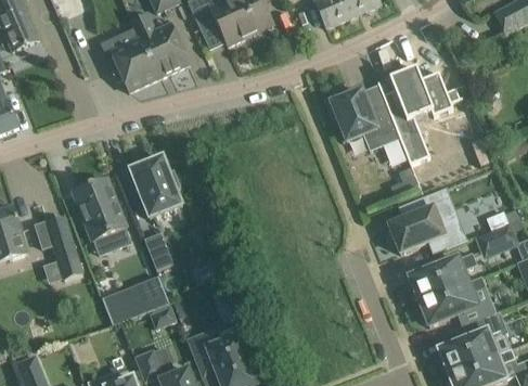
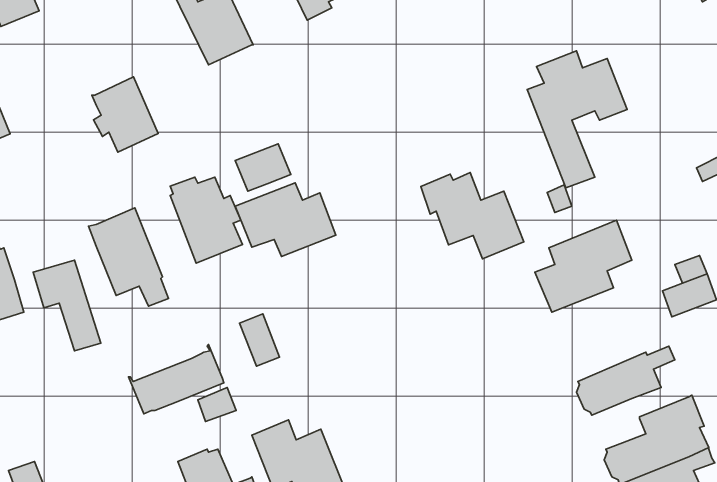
building: [111,38,157,91] -> [92,77,158,152]
building: [326,89,399,150] -> [421,173,524,259]
building: none -> [235,144,291,191]
building: none -> [235,183,336,257]
building: [145,232,173,269] -> [240,314,280,366]
building: [408,253,477,300] -> none

